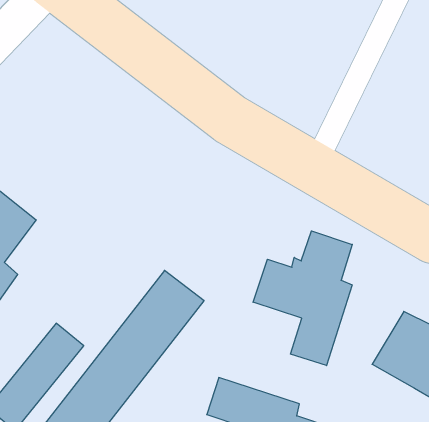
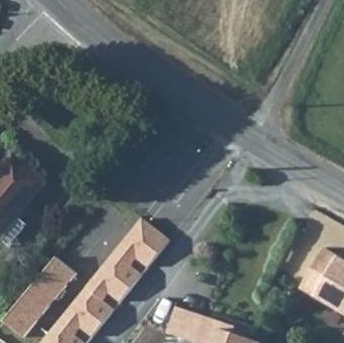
building: [253,231,352,366] -> none

